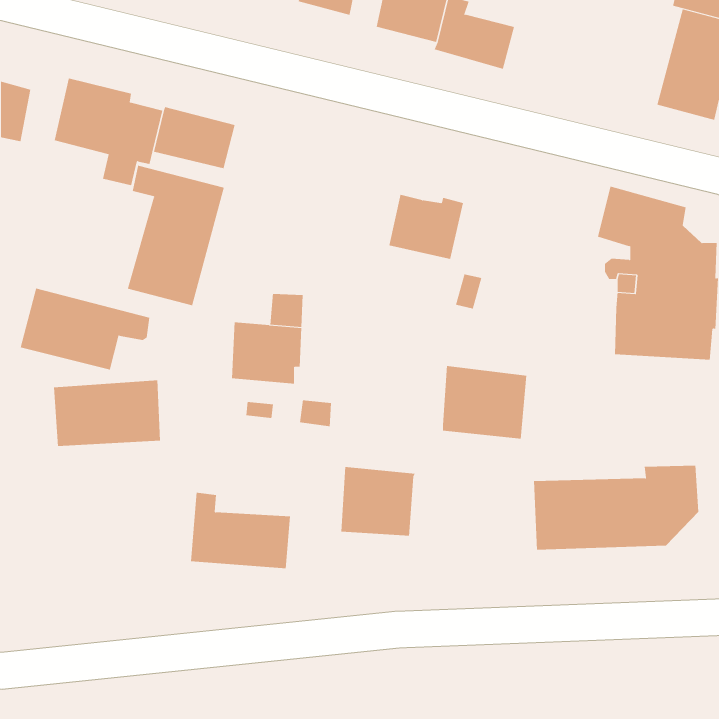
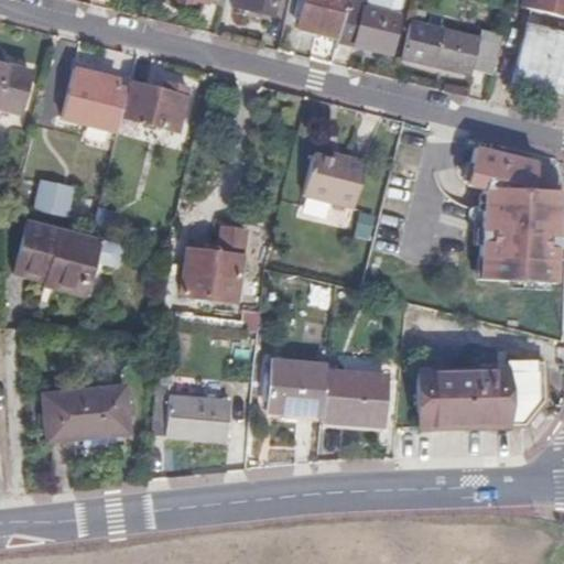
building: none -> [404,20,506,74]
building: [127,165,224,306] -> none
building: none -> [36,176,77,213]
building: [442,366,527,439] -> [323,370,389,427]
building: [53,380,161,447] -> [43,395,127,447]

